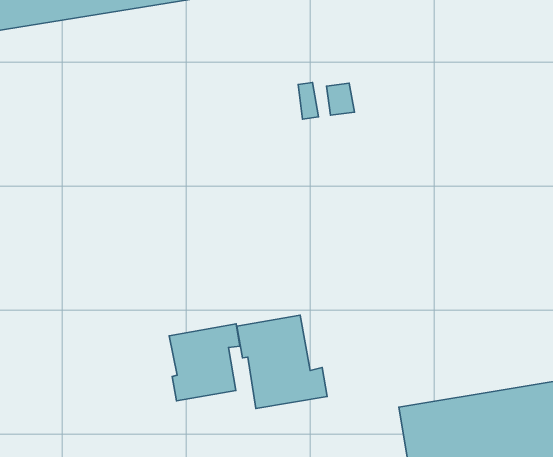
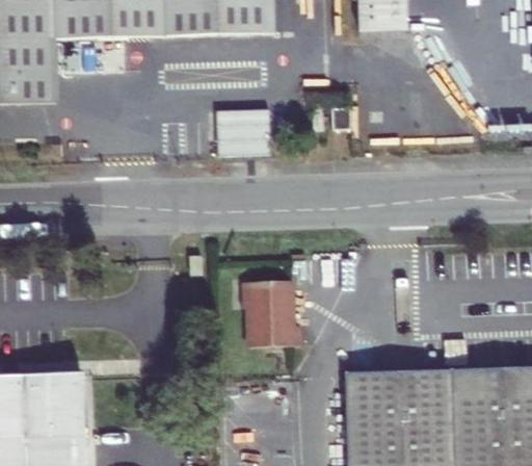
building: none -> [220,110,274,155]
building: [169,324,240,401] -> none

